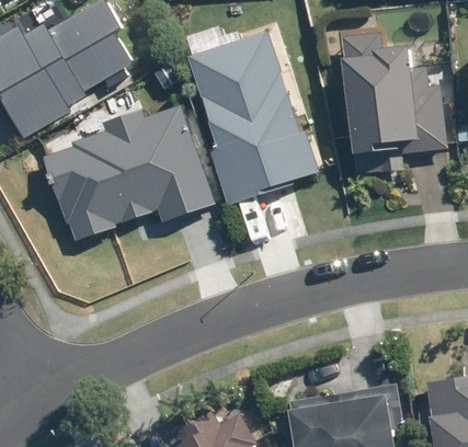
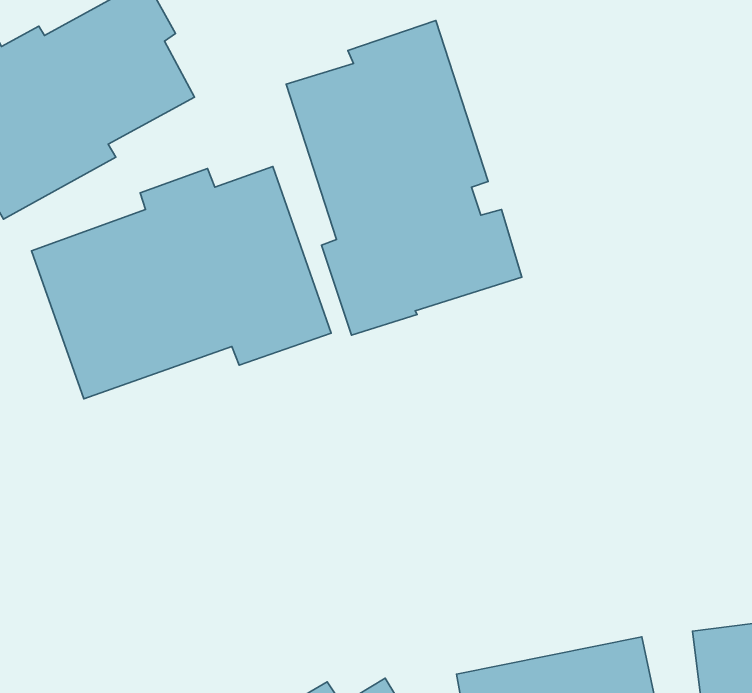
building: [336,26,449,176] -> none

